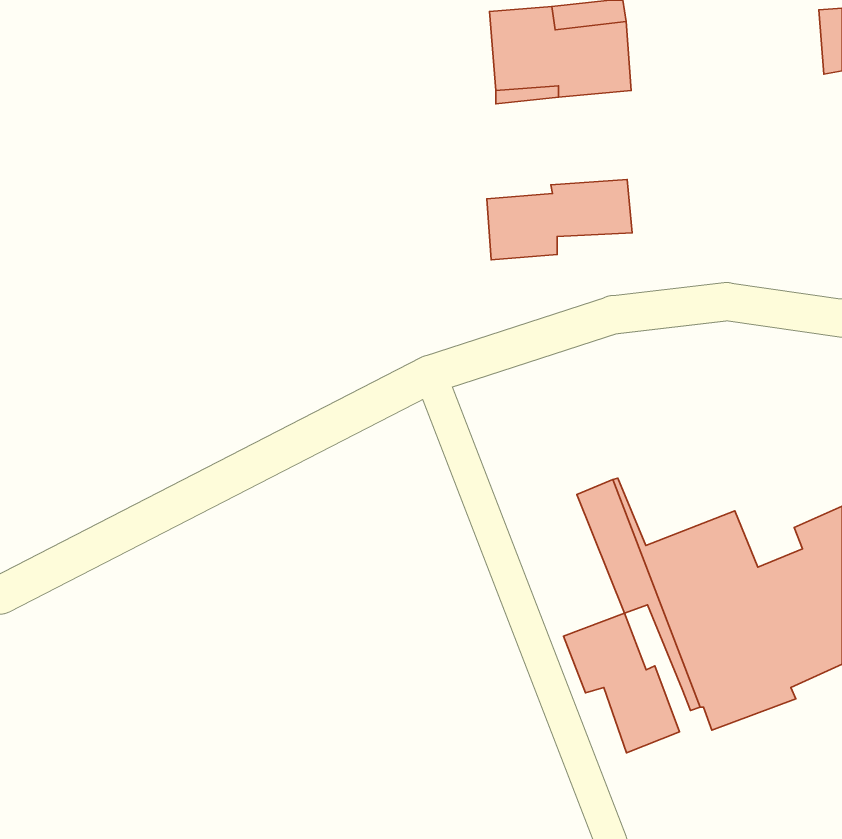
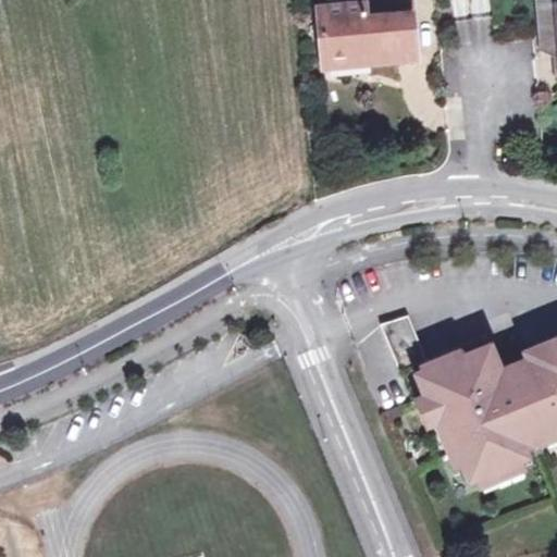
building: [487,179,632,260] -> none
building: [564,613,679,753] -> none

